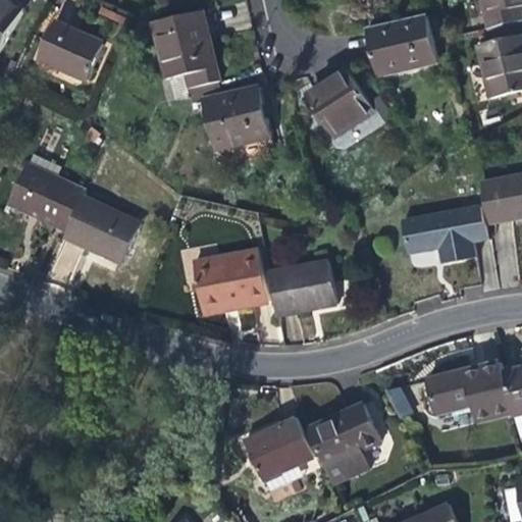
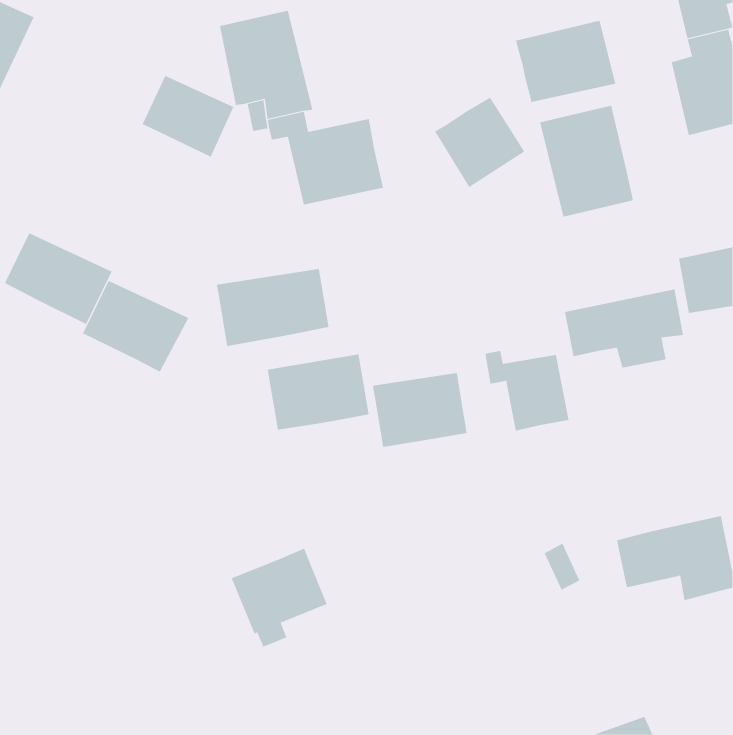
building: [37,20,102,79] -> [142,75,234,157]
building: none -> [539,105,634,217]
building: none -> [216,268,329,347]
building: none -> [485,350,569,431]
building: [316,402,405,484] -> none
building: [252,417,320,487] -> [231,548,328,648]

